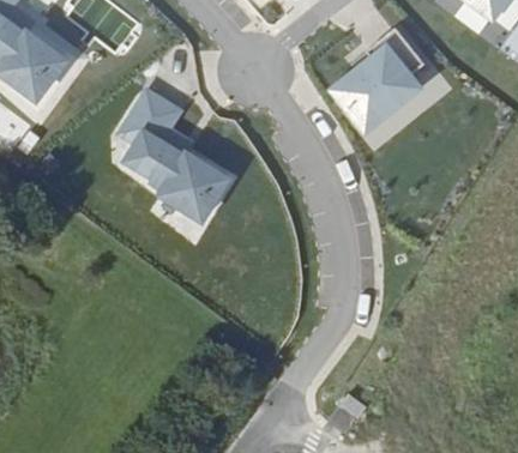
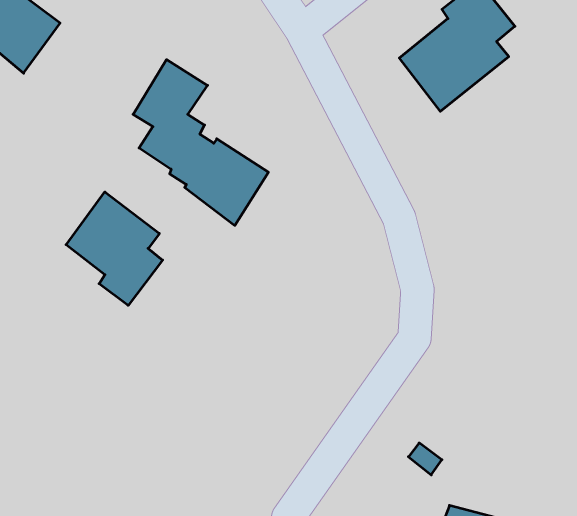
building: none -> [66,192,163,305]

